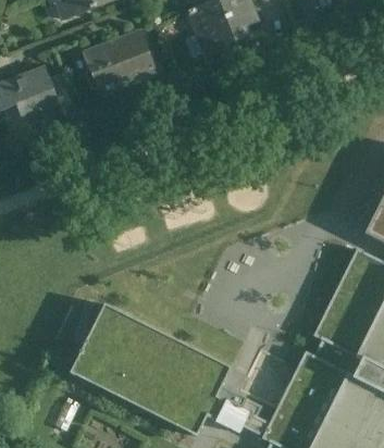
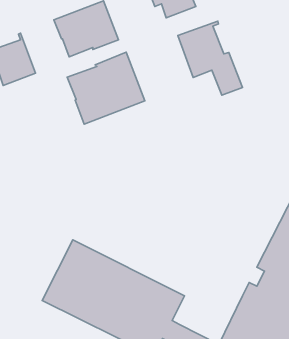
building: none -> [178,21,243,95]
building: none -> [67,52,145,124]

